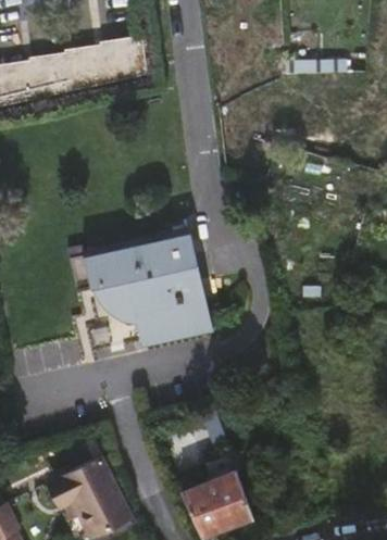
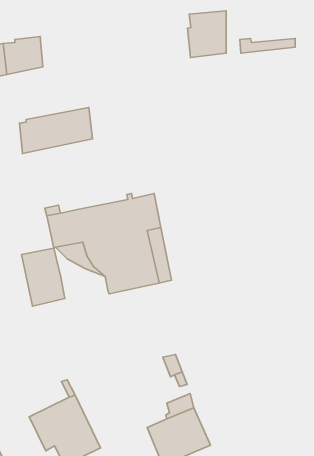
building: none -> [188,11,226,57]
building: [63,40,145,91] -> [20,108,93,153]
building: none -> [21,248,65,306]

